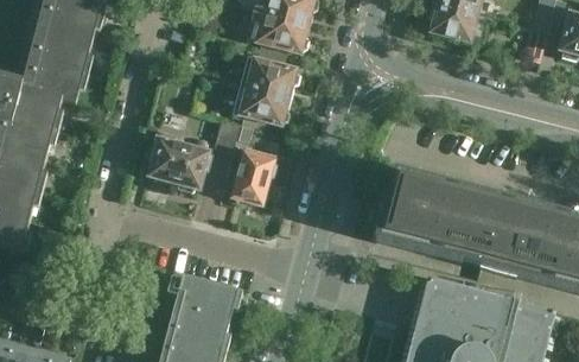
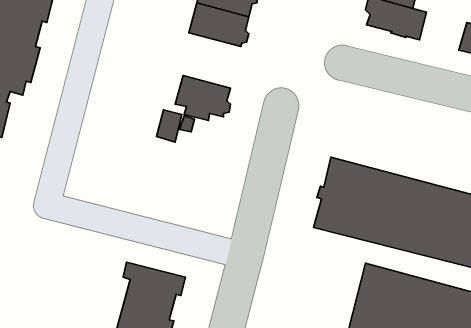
building: [240,51,299,93] -> none
building: [147,126,210,184] -> none
building: [230,144,274,201] -> none

